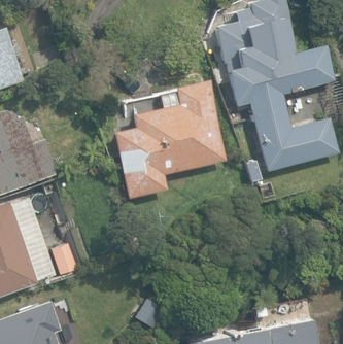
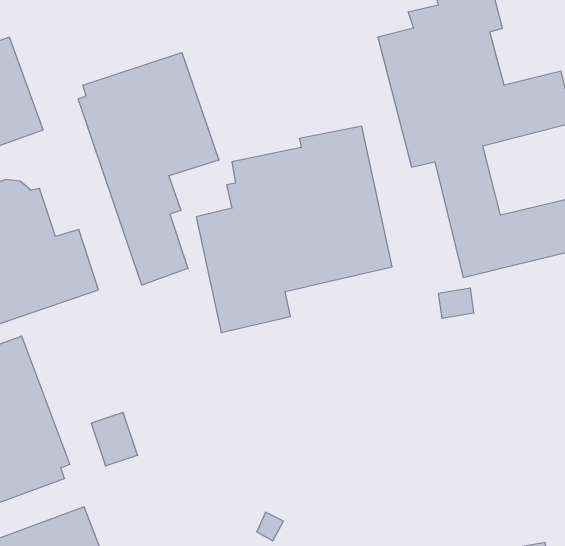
building: none -> [78,53,219,285]

